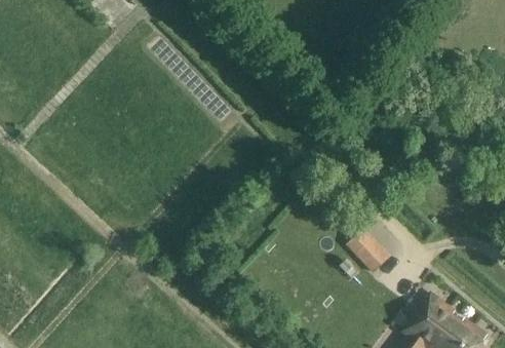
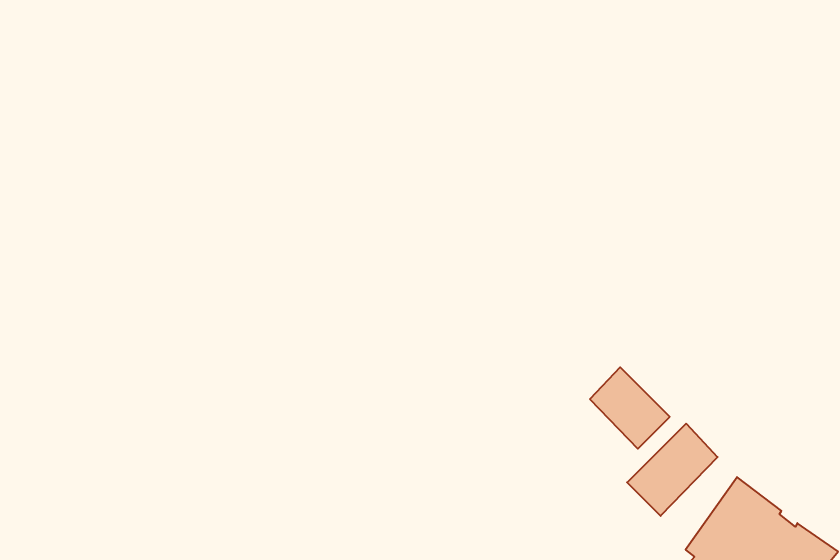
building: none -> [627,424,718,516]

